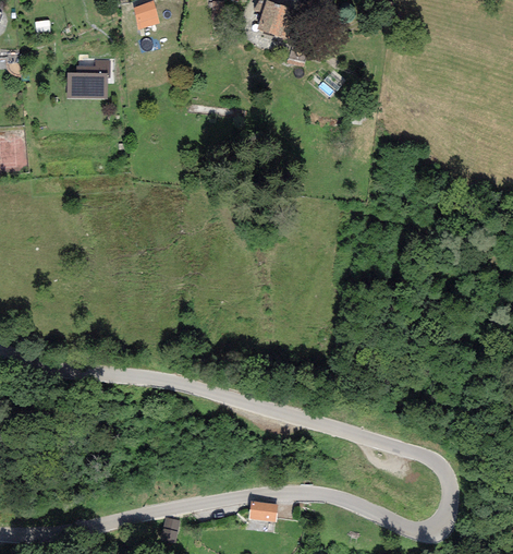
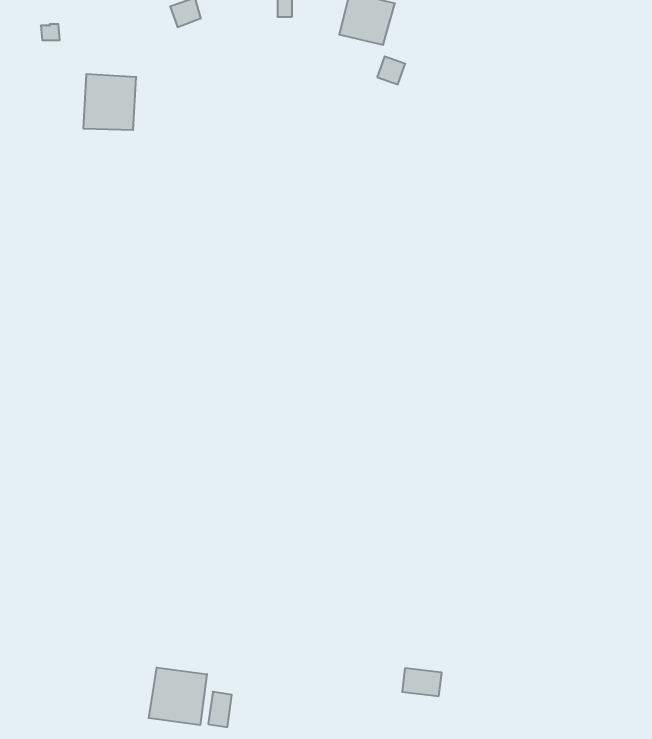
building: none -> [149,667,207,725]
building: [248,501,278,521] -> [402,668,442,696]

